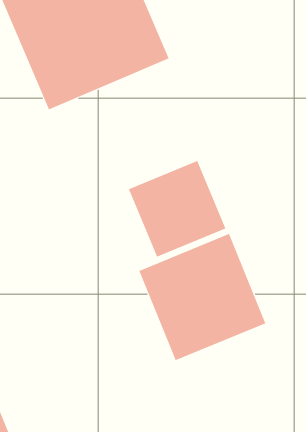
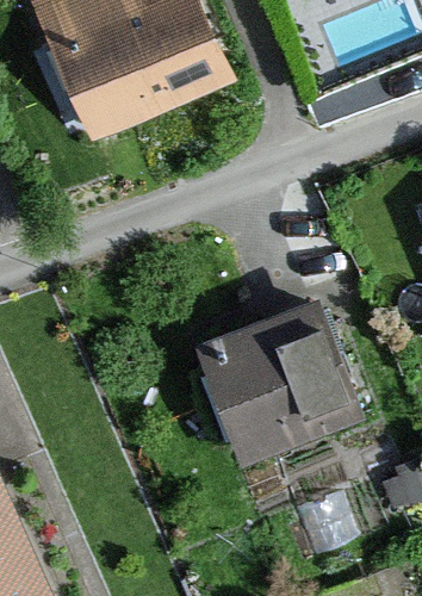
building: [128,160,226,258] -> none

